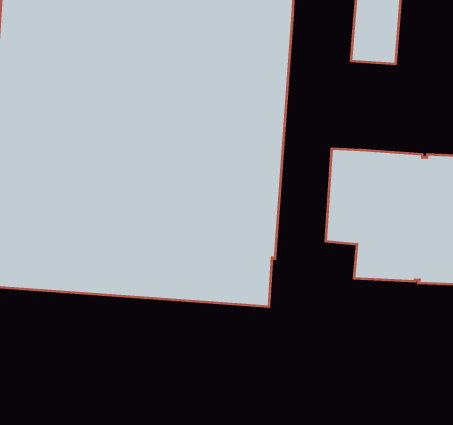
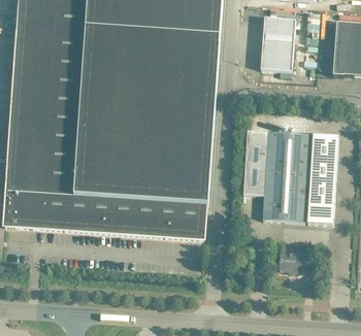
building: none -> [280,244,317,273]

